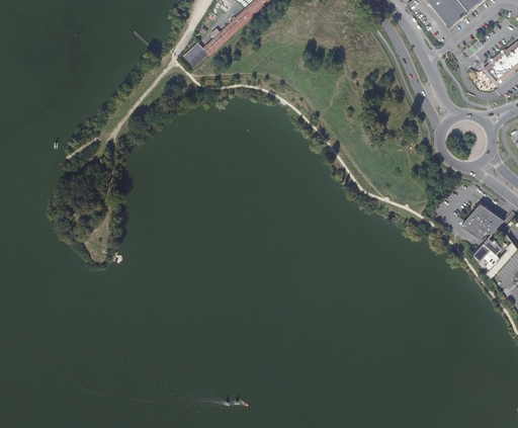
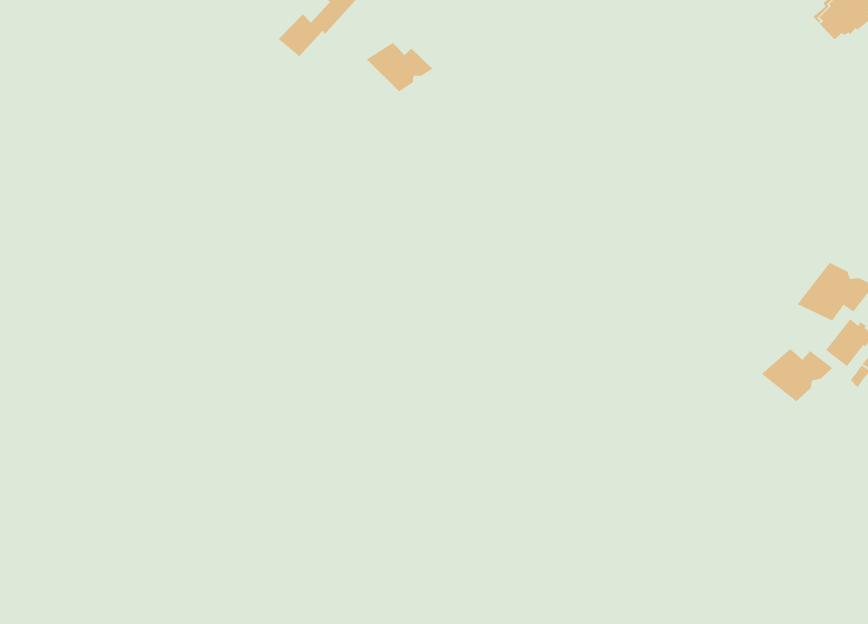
building: none -> [366,42,433,92]
building: none -> [761,348,833,402]

